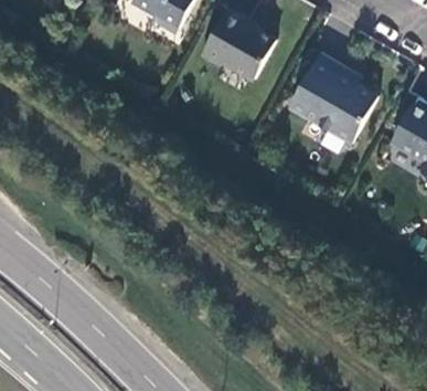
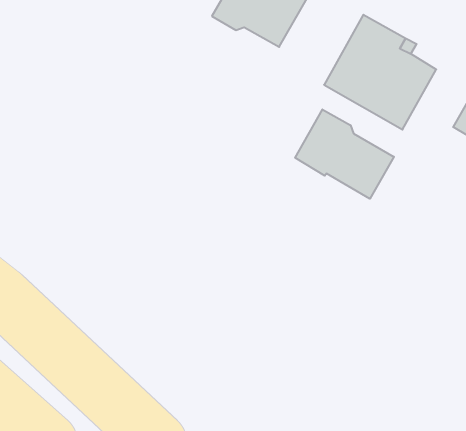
building: none -> [295,109,394,199]

